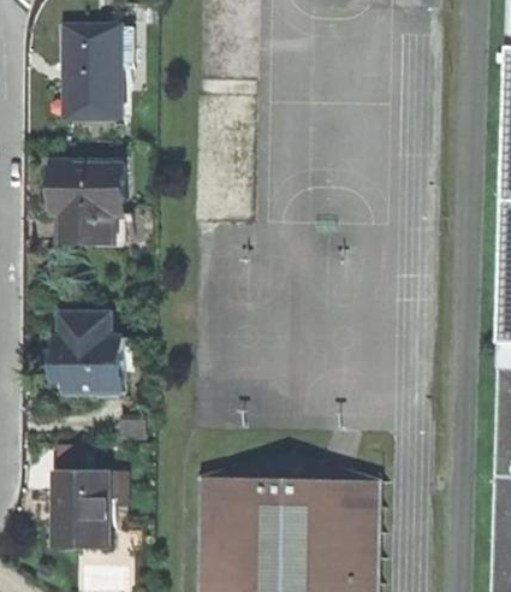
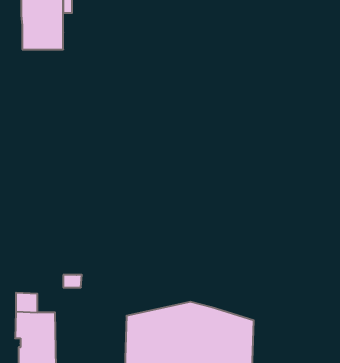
building: [54,164,125,241] -> none
building: [54,313,124,393] -> none

